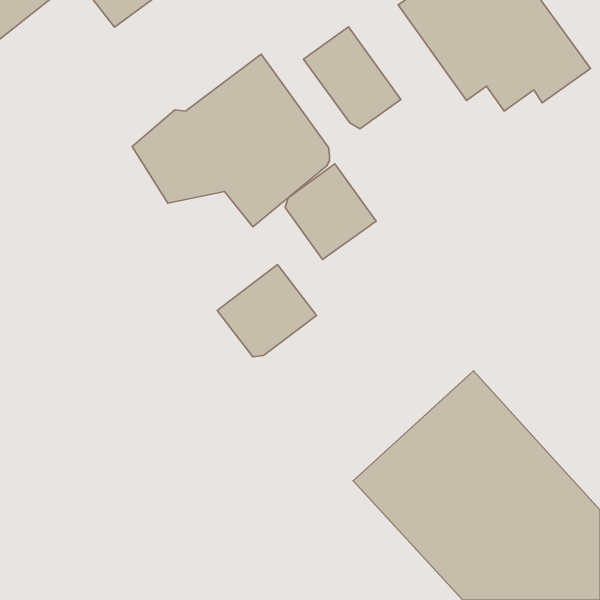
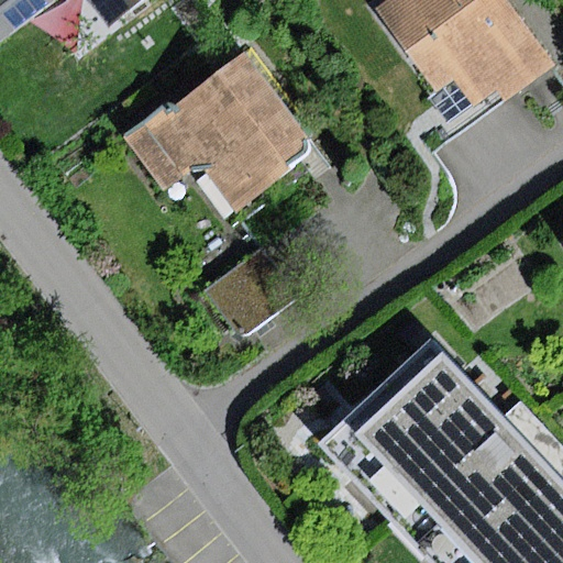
building: [303,27,401,129] -> none
building: [285,164,376,260] -> none

